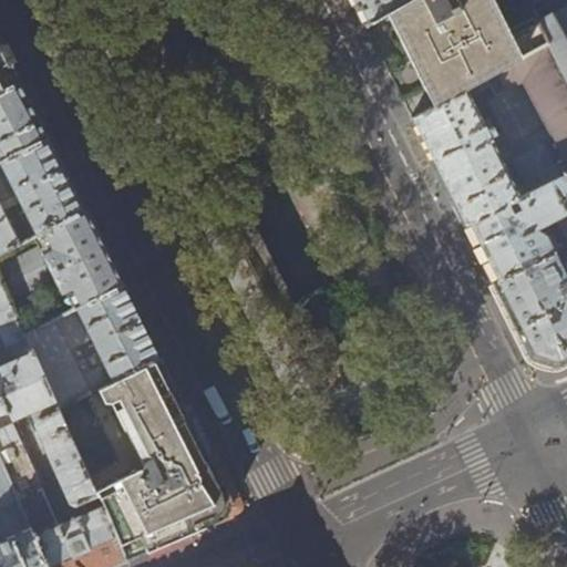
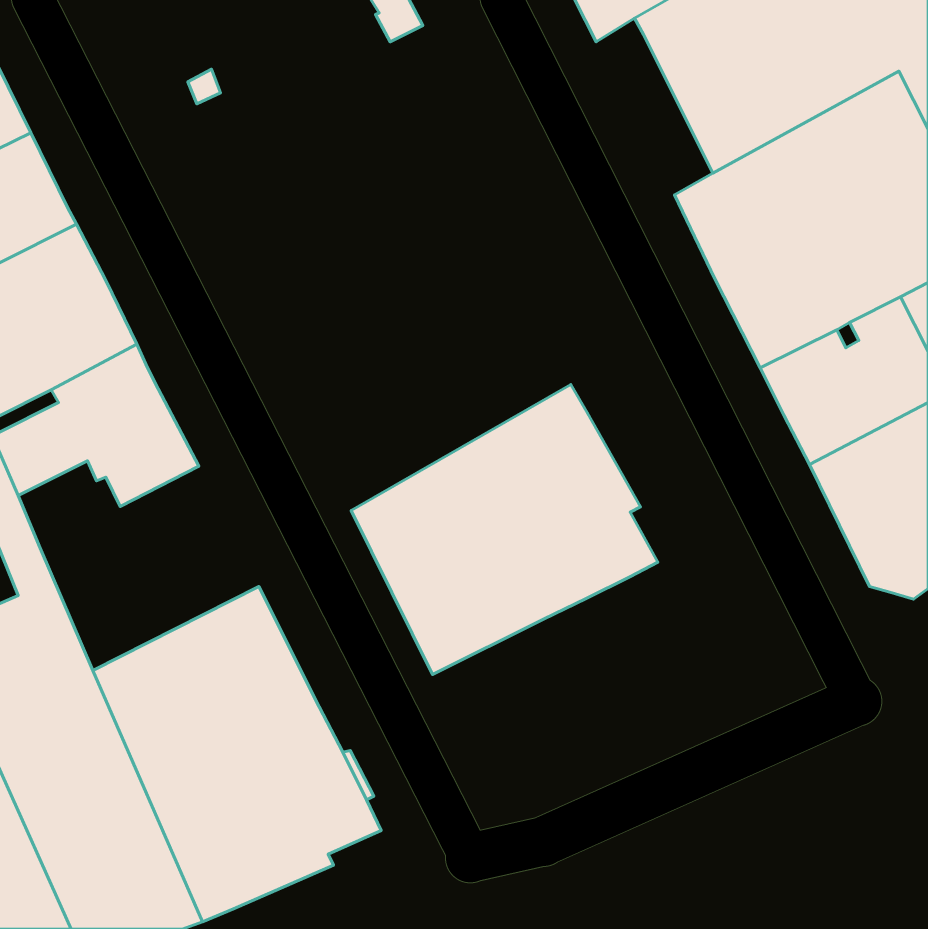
building: none -> [351,385,658,675]
building: [24,284,157,408] -> none

